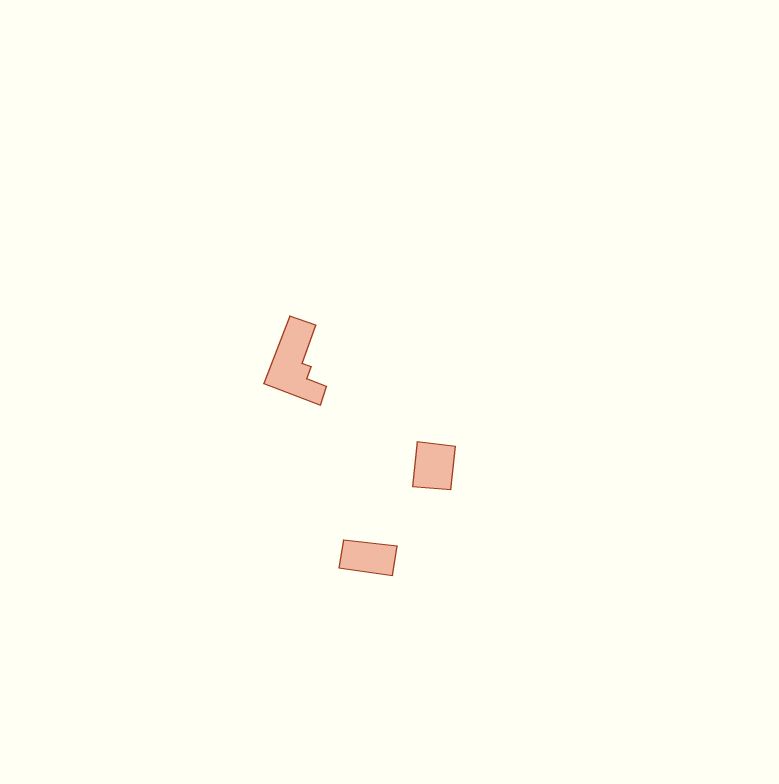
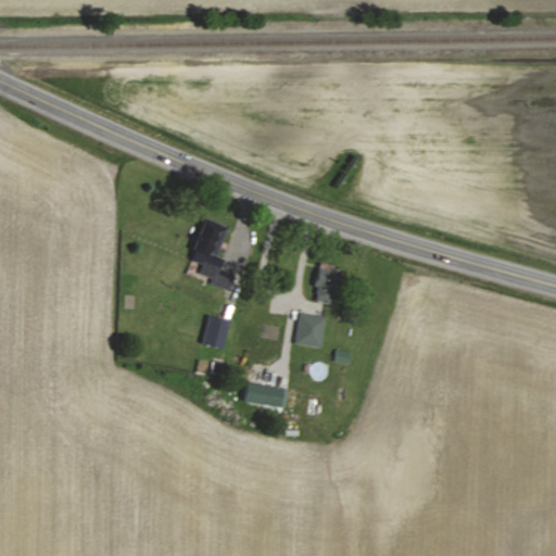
building: none -> [317,264,338,292]
building: none -> [203,315,230,348]

